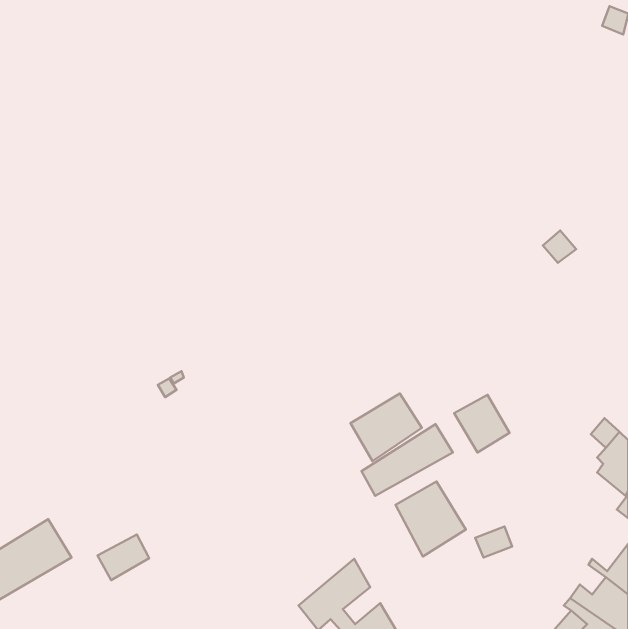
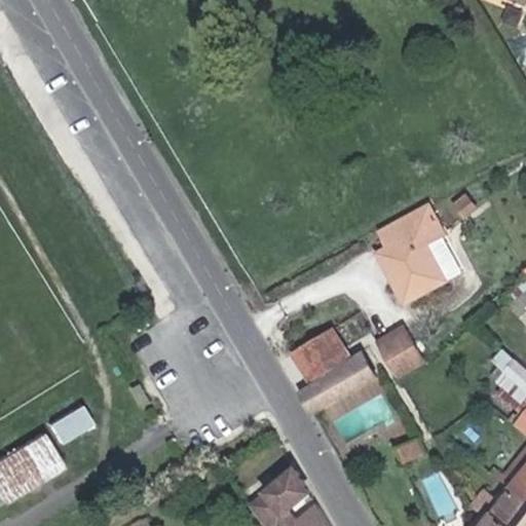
building: none -> [378,205,462,304]
building: [395,481,466,557] -> none
building: [97,535,149,580] -> [49,404,92,442]

